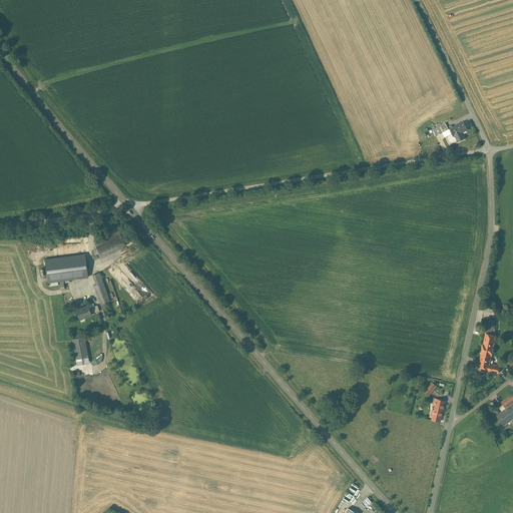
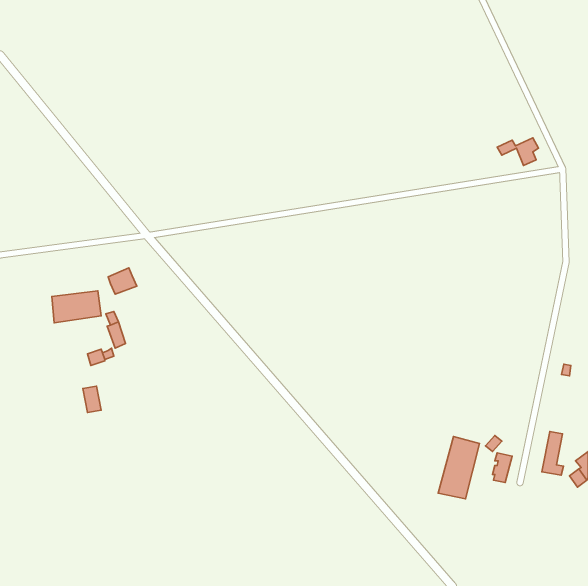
building: [478,332,497,370] -> [542,432,564,475]
building: none -> [438,437,479,499]

